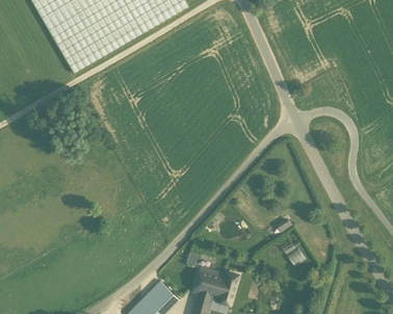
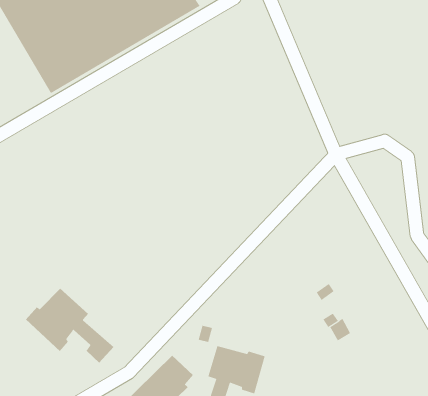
building: none -> [25,288,114,364]

